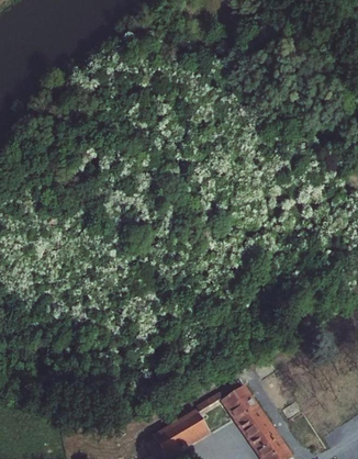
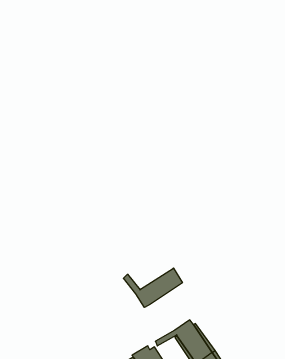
building: none -> [123,268,182,307]

